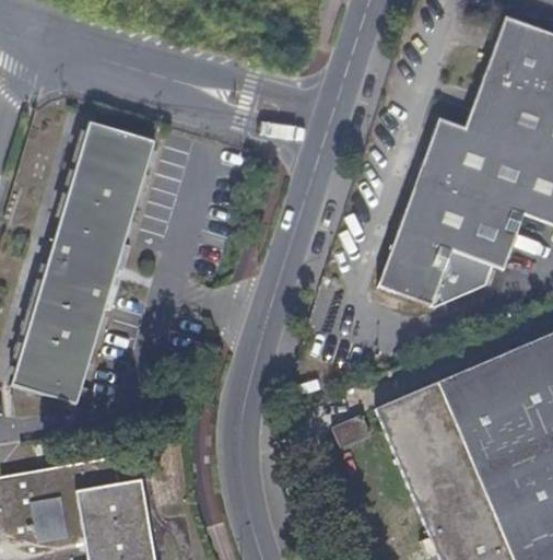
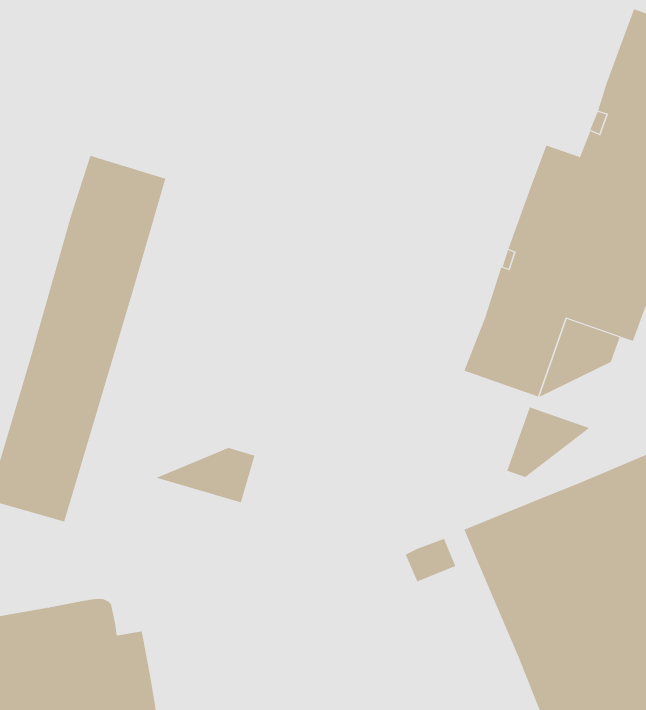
building: none -> [507,406,590,478]
building: none -> [156,447,255,503]

